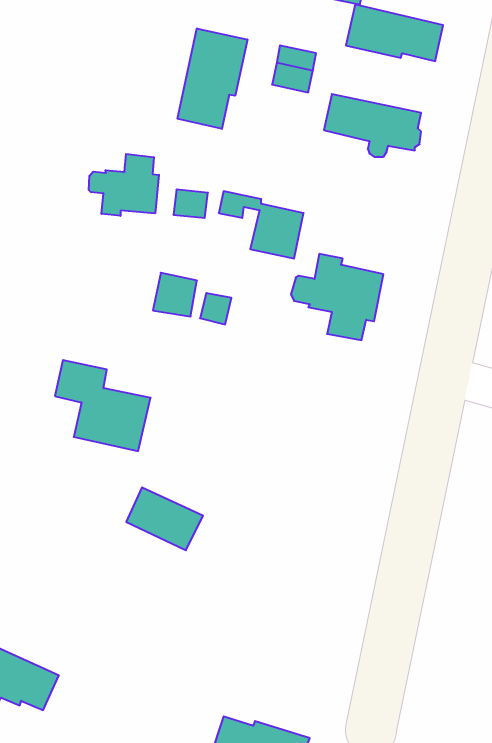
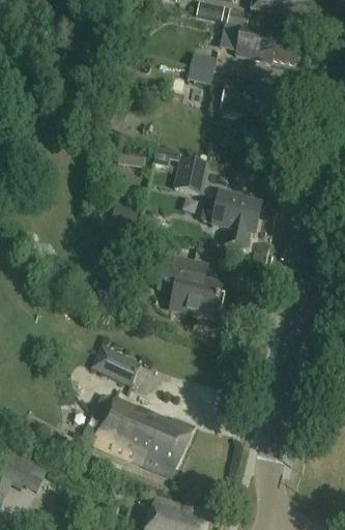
building: [177,28,247,129] -> none
building: [89,154,159,216] -> none
building: [55,360,151,451] -> [159,258,222,318]
building: none -> [92,394,195,474]

